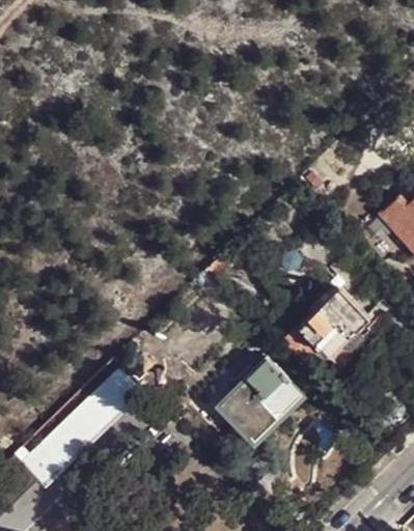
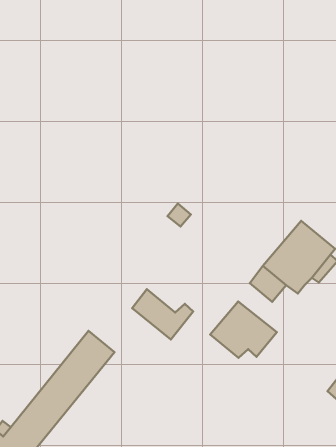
building: [217,389,276,441] -> [132,289,193,340]

